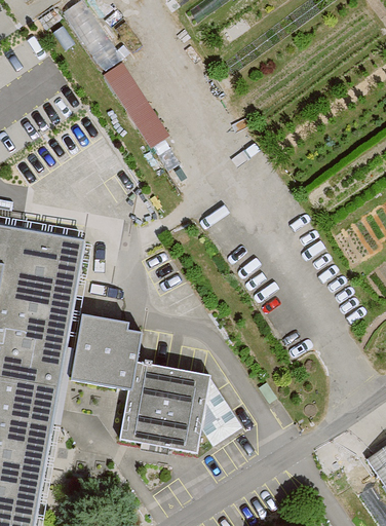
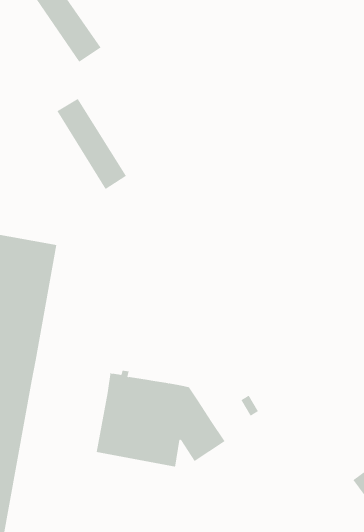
building: [104,59,170,146] -> [57,98,127,190]
building: [60,315,141,386] -> none

